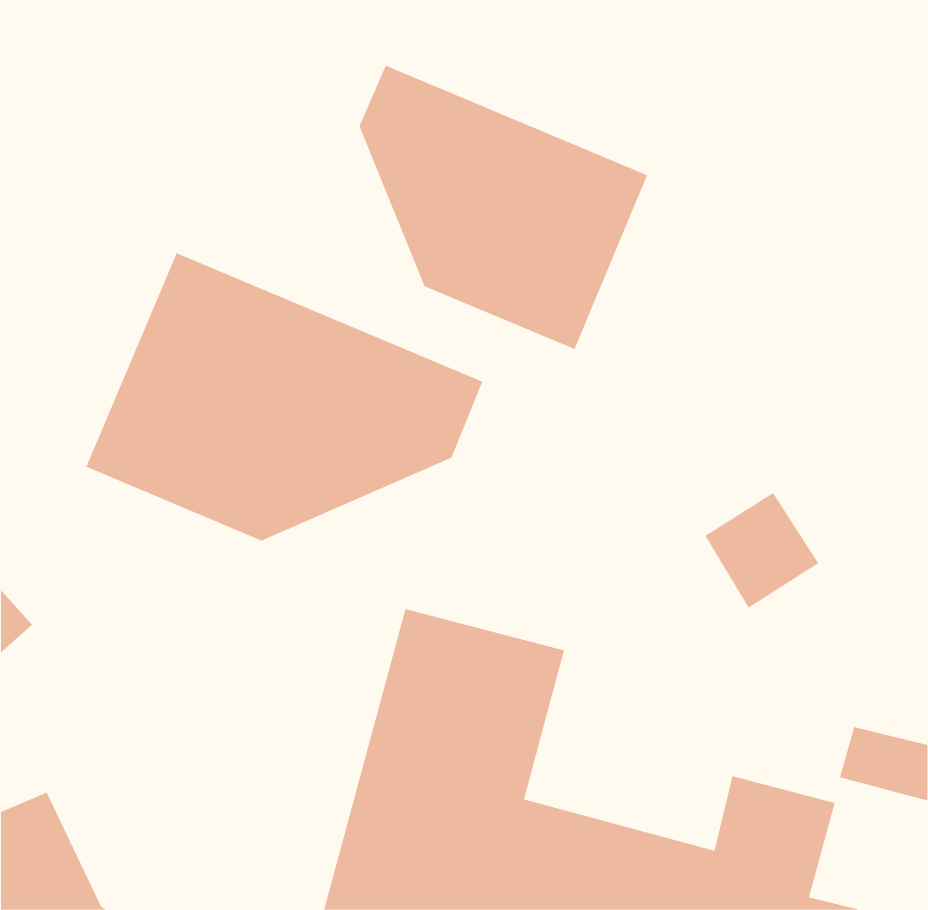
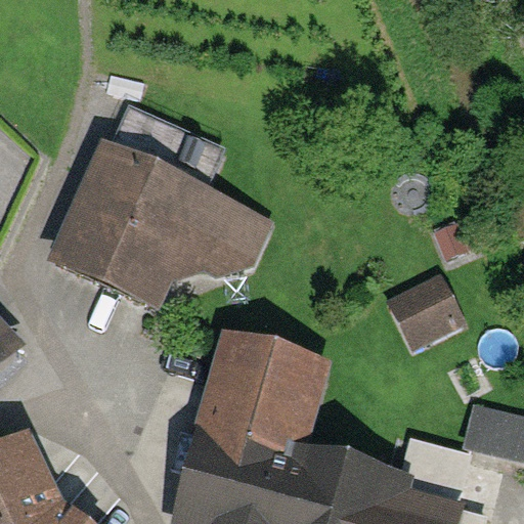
building: [359,65,648,350] -> none

